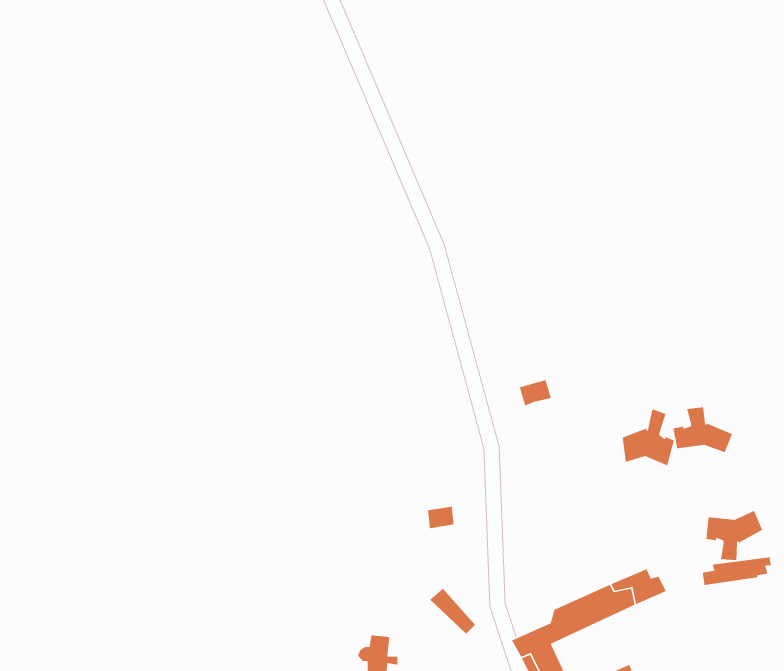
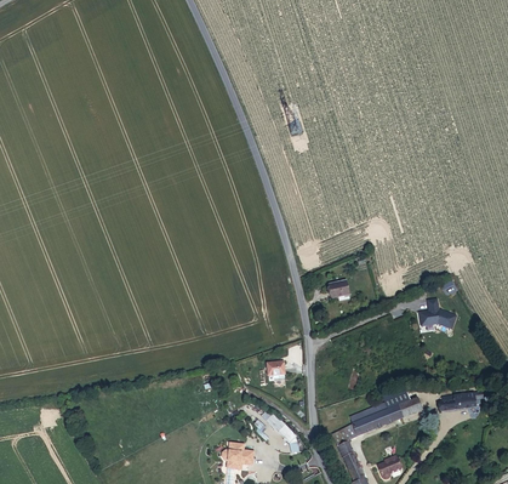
building: [622,408,675,466] -> none
building: [706,510,763,561] -> none

